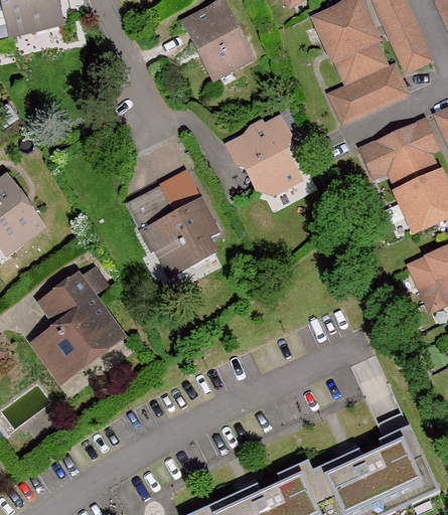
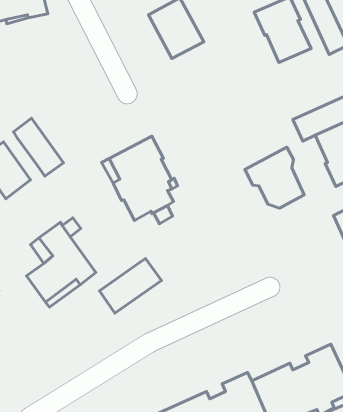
building: [330,69,405,124] -> none
building: [231,121,303,195] -> [245,147,304,208]
building: none -> [13,118,64,176]
building: none -> [99,259,161,313]

